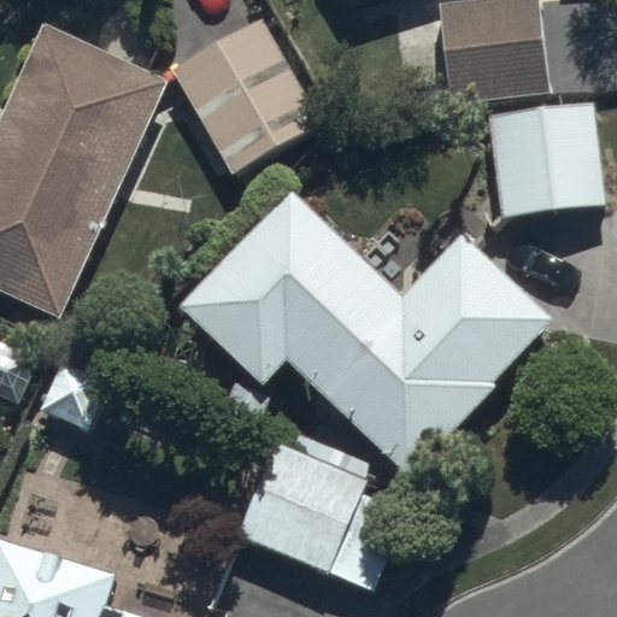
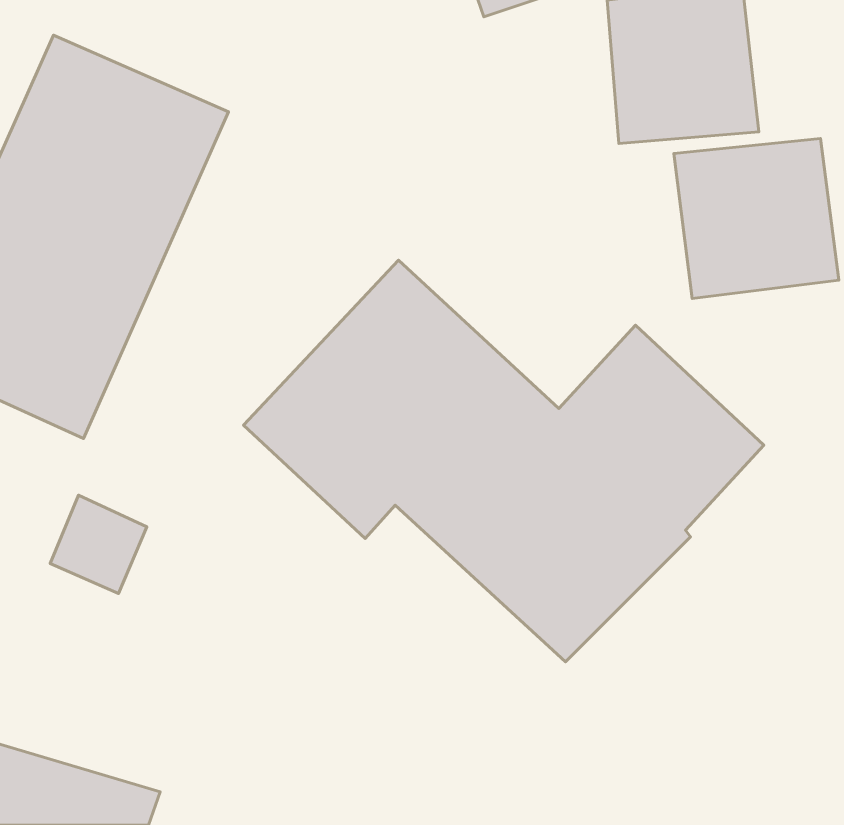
building: [170,19,323,175] -> none
building: [230,427,402,588] -> none

